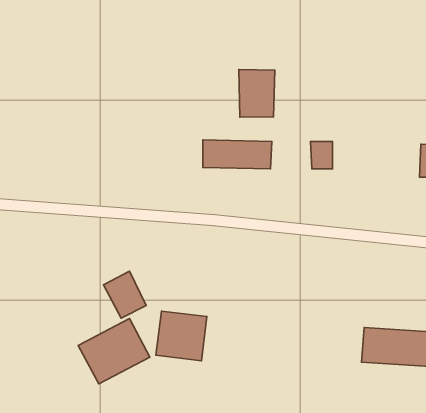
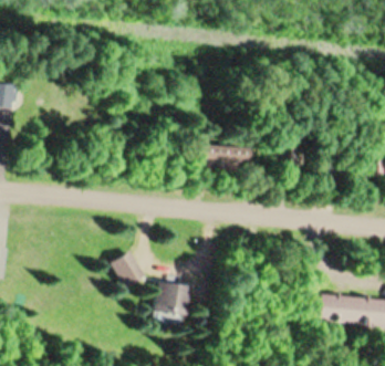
building: [239,69,275,117] -> none
building: [78,319,150,384] -> none

